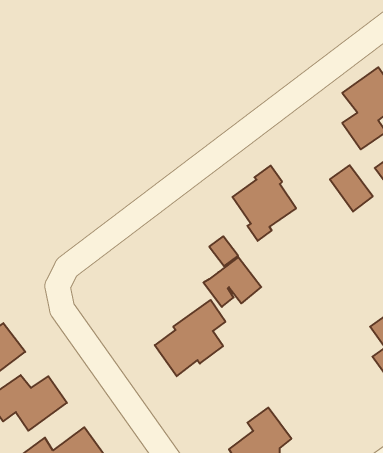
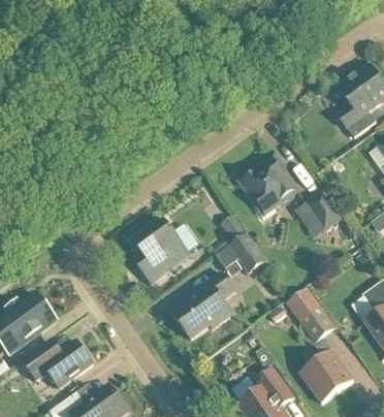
building: [330,165,373,212] -> [305,190,343,231]
building: none -> [129,218,190,283]
building: none -> [284,287,352,404]

